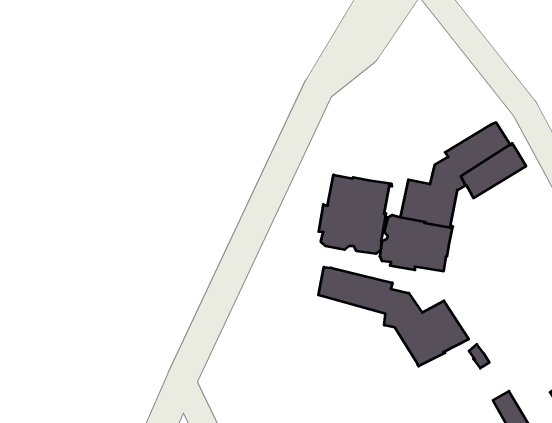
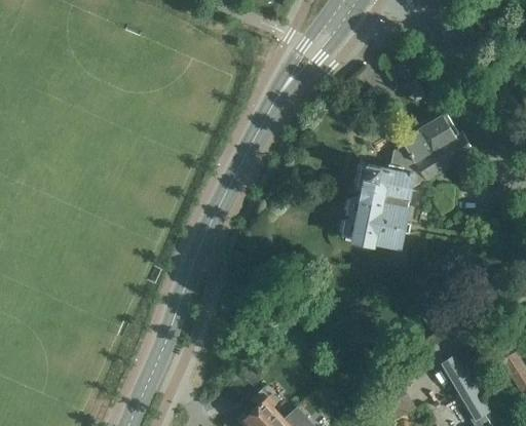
building: [319,175,392,254] -> none
building: [318,267,469,366] -> none

